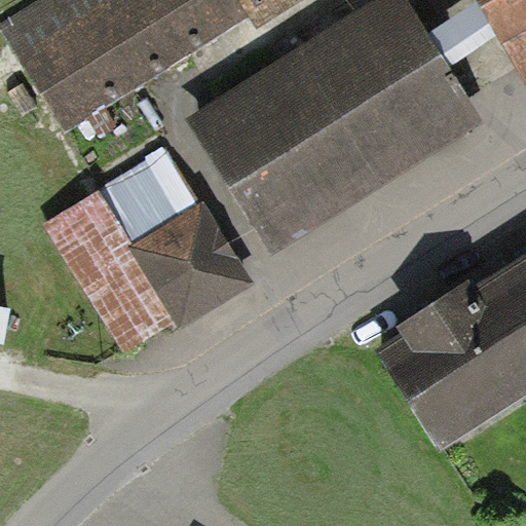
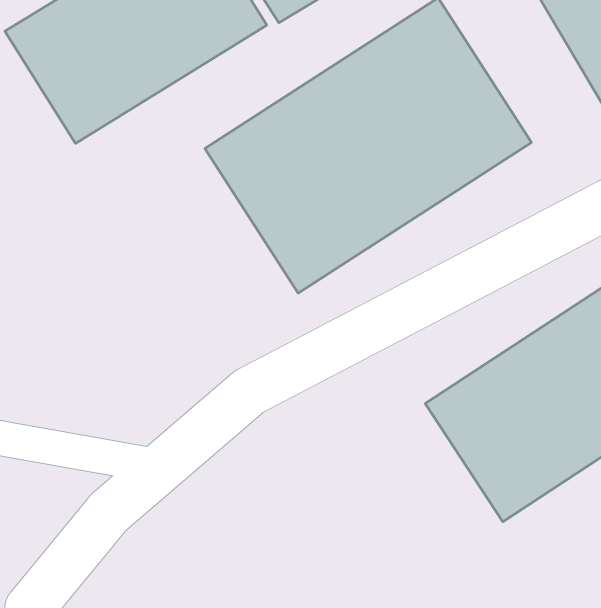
building: [51,149,252,351] -> none

